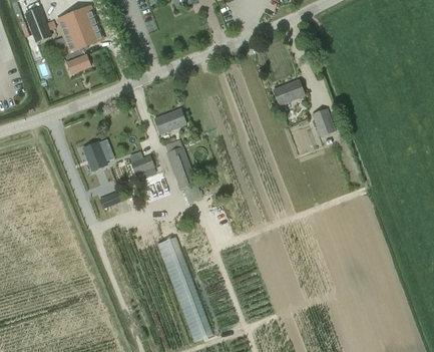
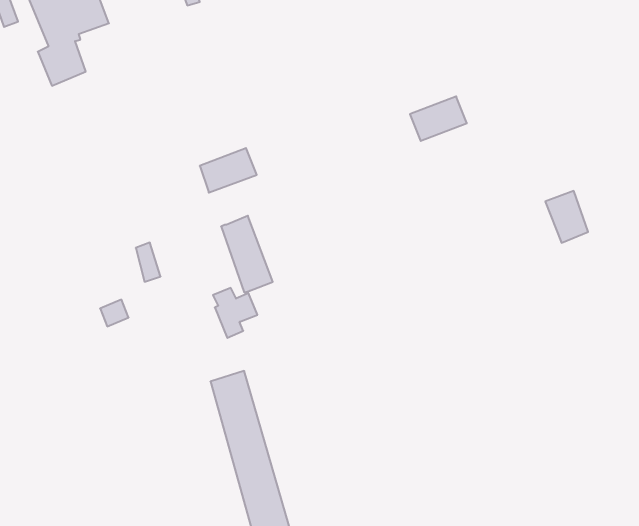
building: [312,107,336,136] -> [545,191,588,243]
building: [83,141,108,170] -> none
building: [130,151,155,180] -> [213,288,257,338]

